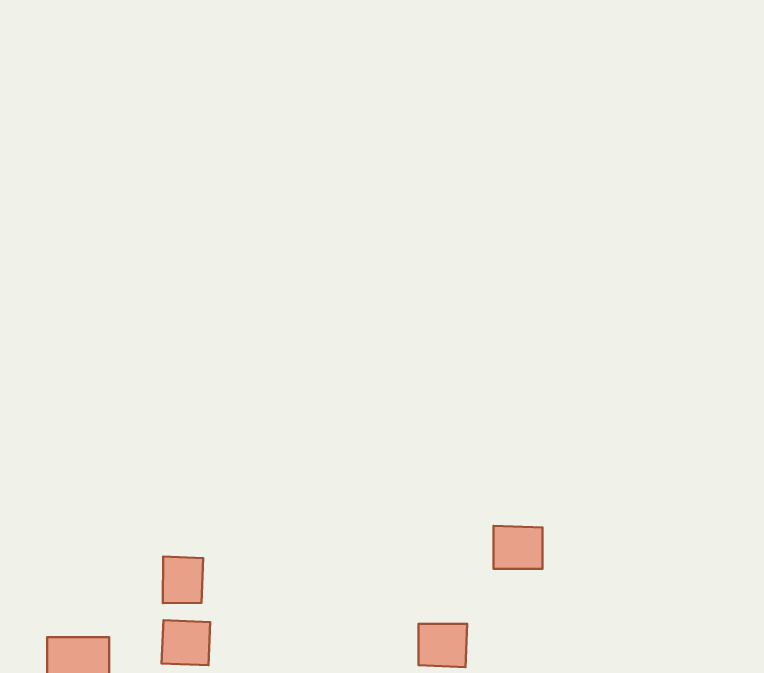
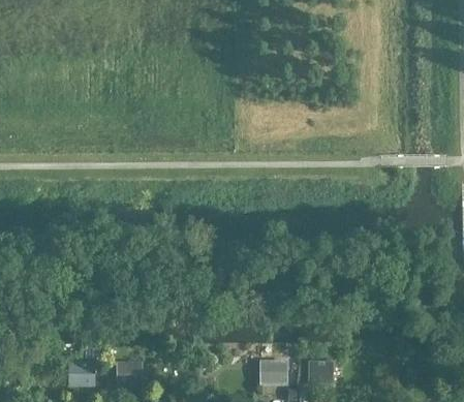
building: [494,526,542,569] -> [310,359,337,382]
building: [163,556,203,603] -> none

